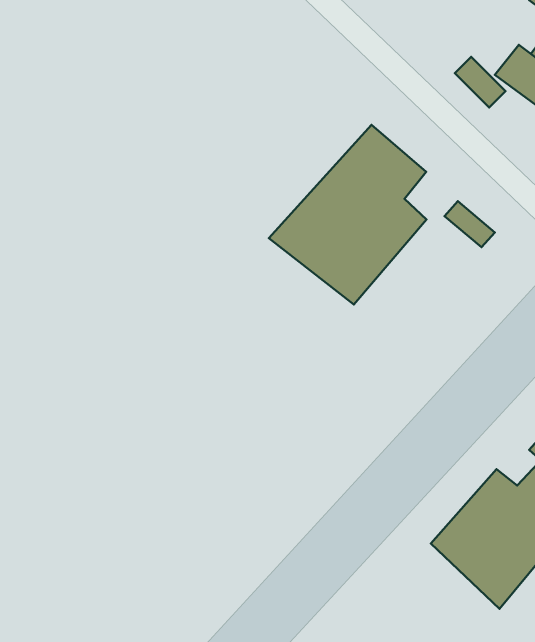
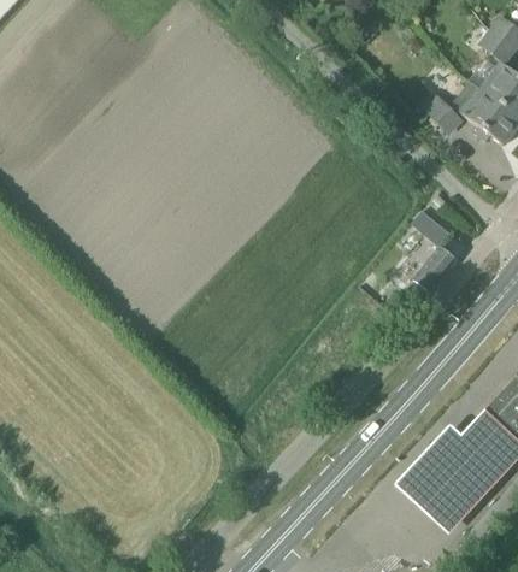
building: [269,125,426,305] -> none
building: none -> [407,244,455,296]

